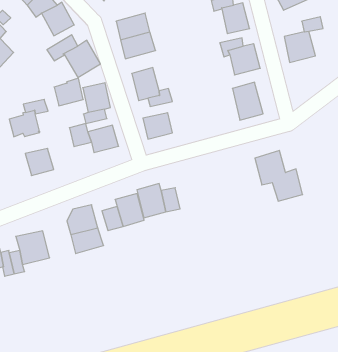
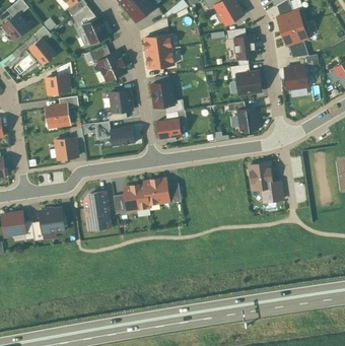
building: [54,78,83,106] -> [46,73,69,94]

